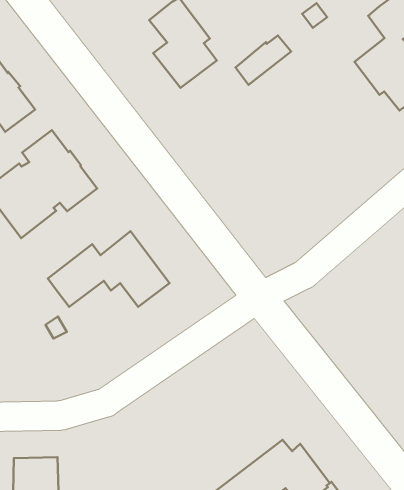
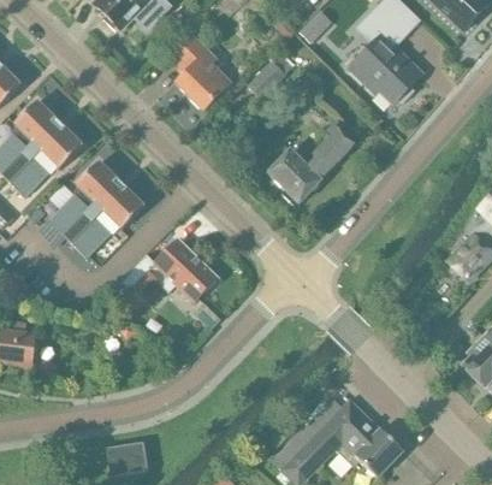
building: none -> [267,123,354,205]

